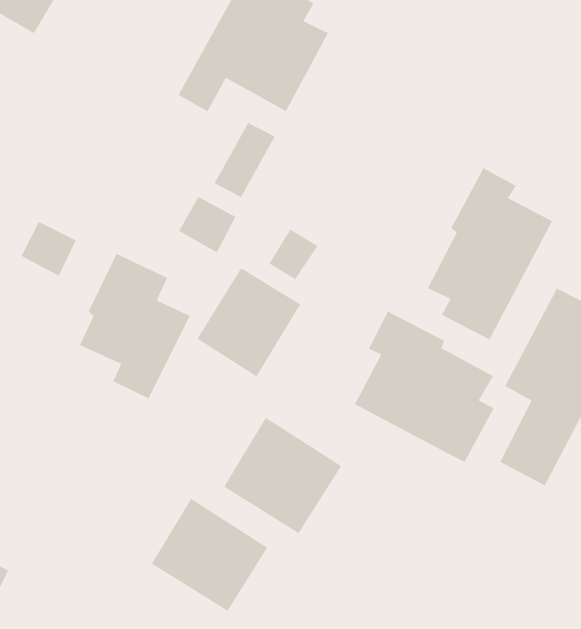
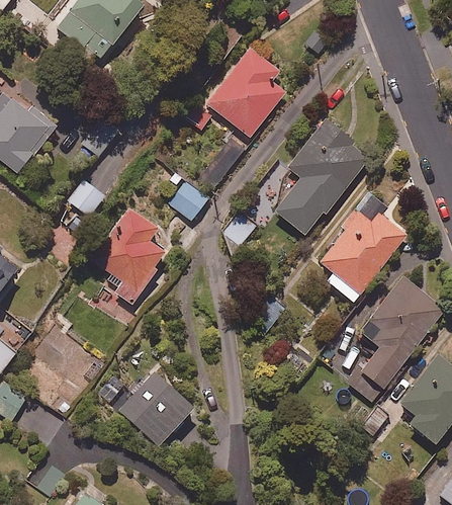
building: none -> [275,119,367,235]
building: [196,267,301,377] -> none
building: [354,311,495,463] -> none
building: [223,417,342,534] -> none

